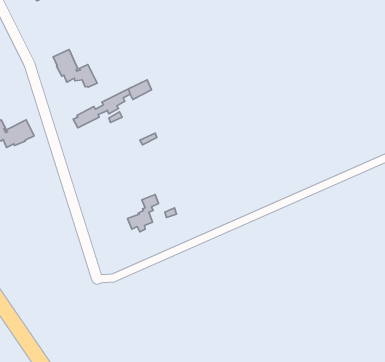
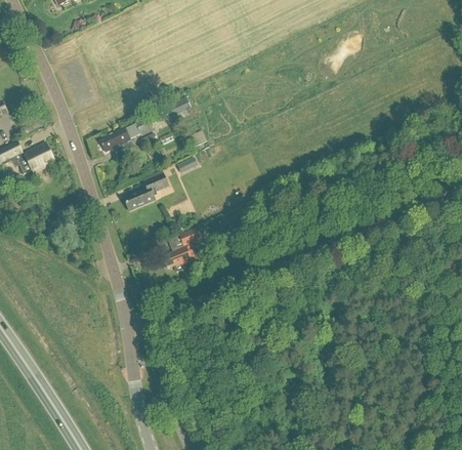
building: [53,50,97,87] -> none
building: none -> [124,173,169,211]

